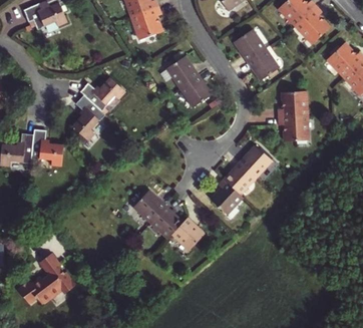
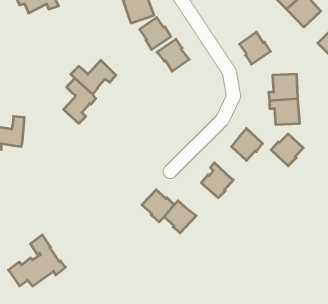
building: [233,29,265,61] -> none
building: [180,76,212,108] -> [140,17,171,50]
building: [31,129,63,167] -> none
building: [223,163,255,196] -> [271,134,303,166]
building: [132,190,164,222] -> none

